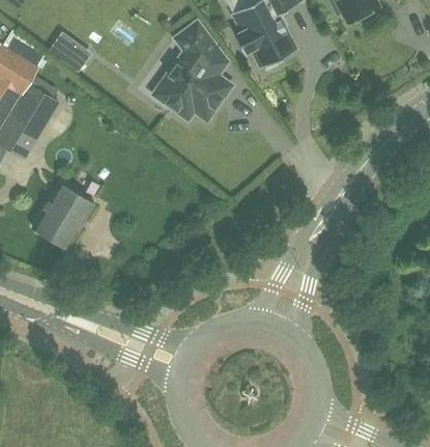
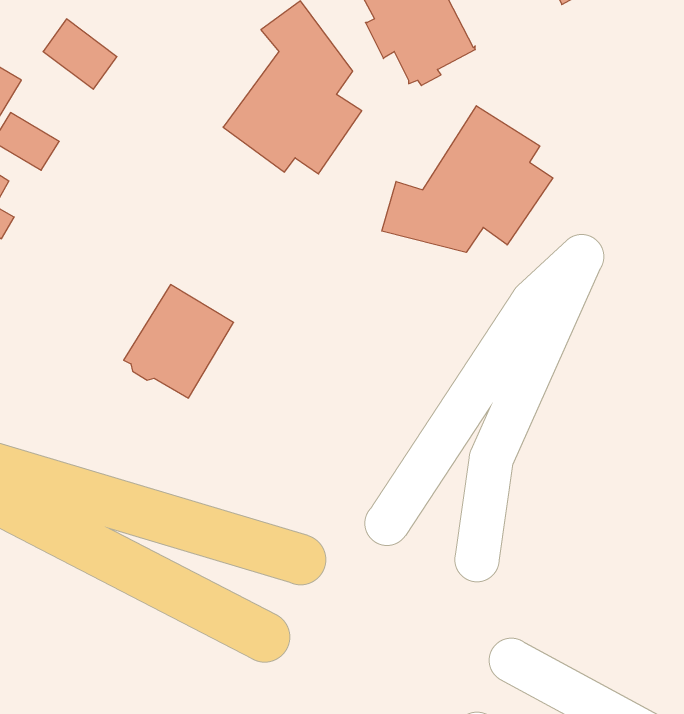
building: none -> [382,106,553,252]
building: [30,181,93,247] -> [124,285,234,398]

